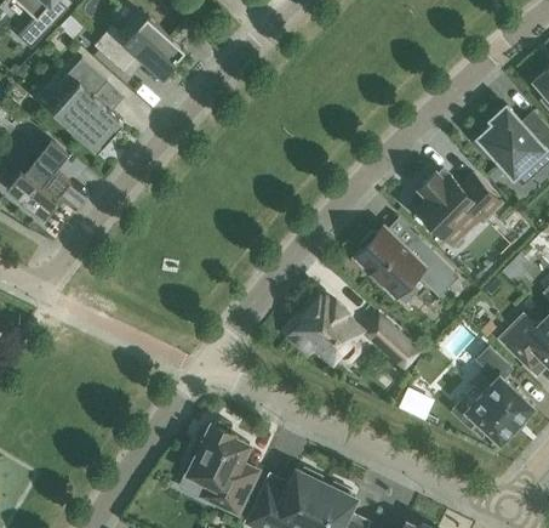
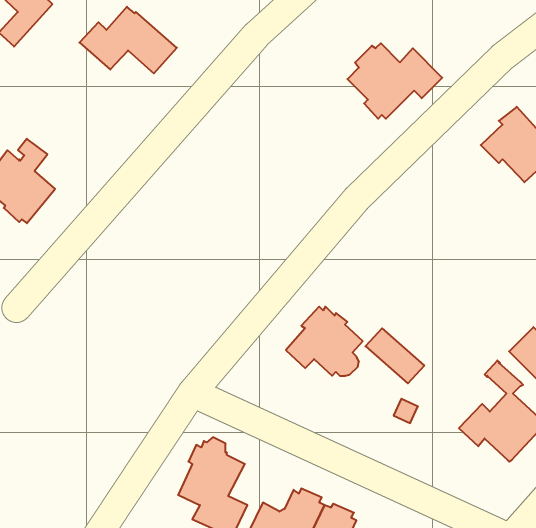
building: [53,58,122,151] -> none
building: [412,170,502,242] -> [347,43,442,119]
building: [354,227,459,299] -> none

